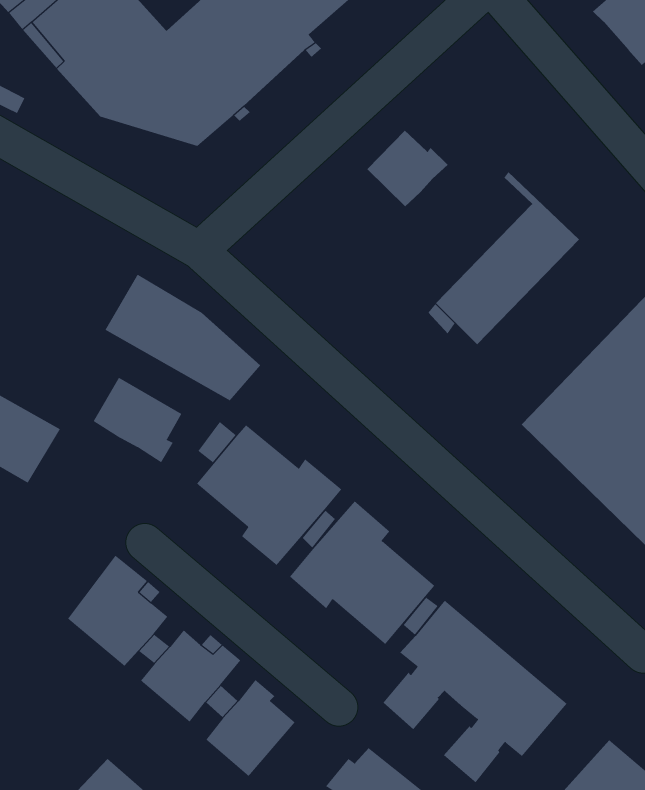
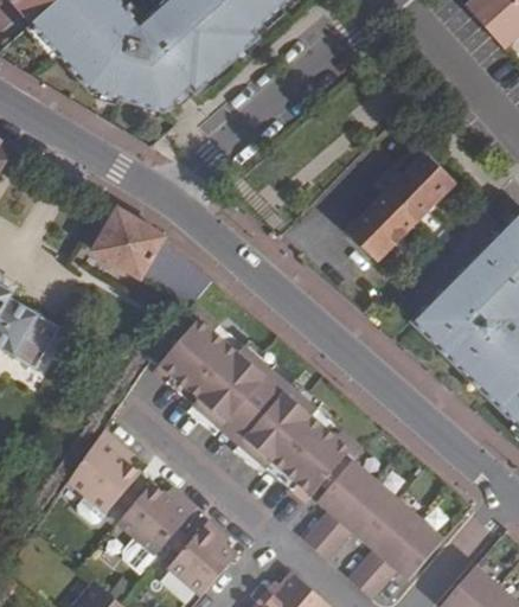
building: [366,130,448,207] -> none
building: [93,377,182,463] -> none

